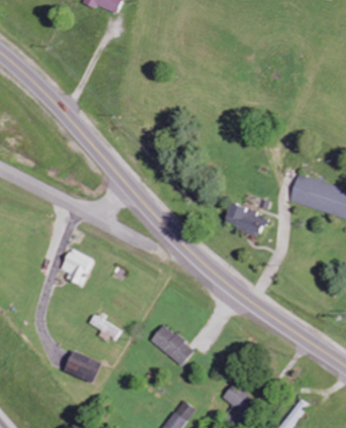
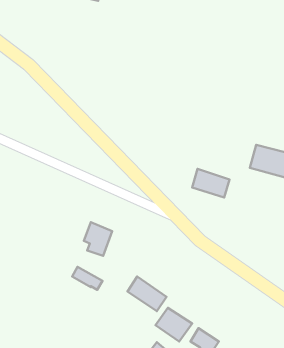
building: [62,247,94,286] -> [84,222,112,256]
building: [64,349,102,383] -> none
building: none -> [156,308,192,342]

